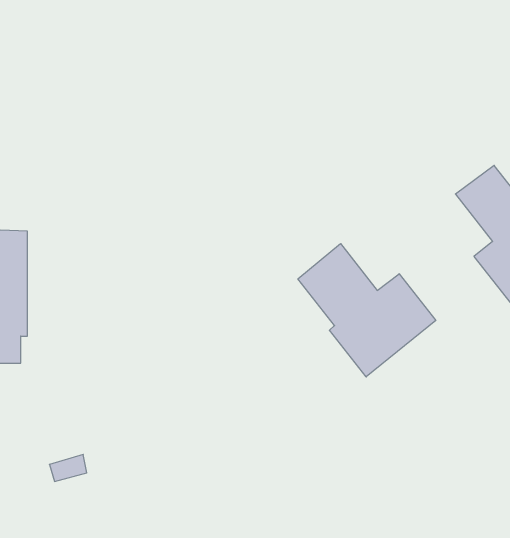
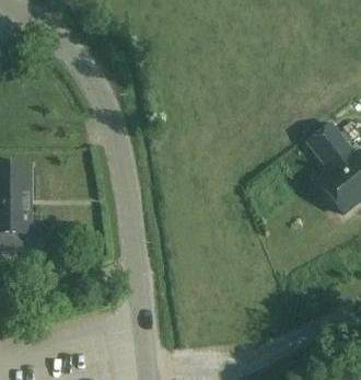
building: [298,244,436,377] -> none

